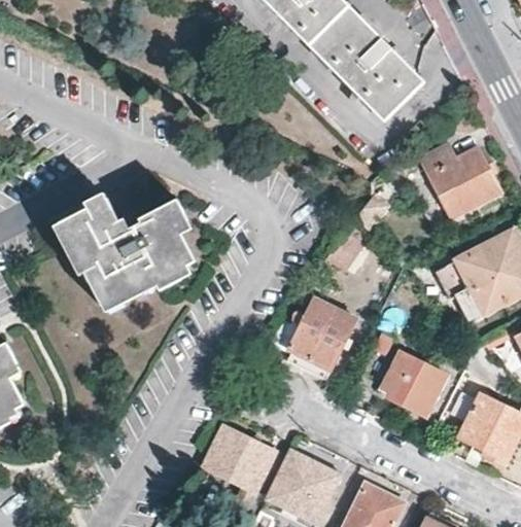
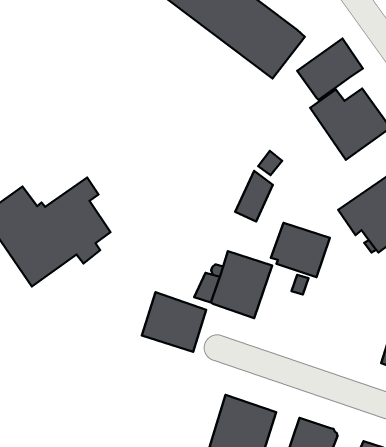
building: none -> [297,39,363,100]
building: [382,352,447,414] -> [271,223,330,277]
building: [203,424,274,492] -> [142,292,206,352]

